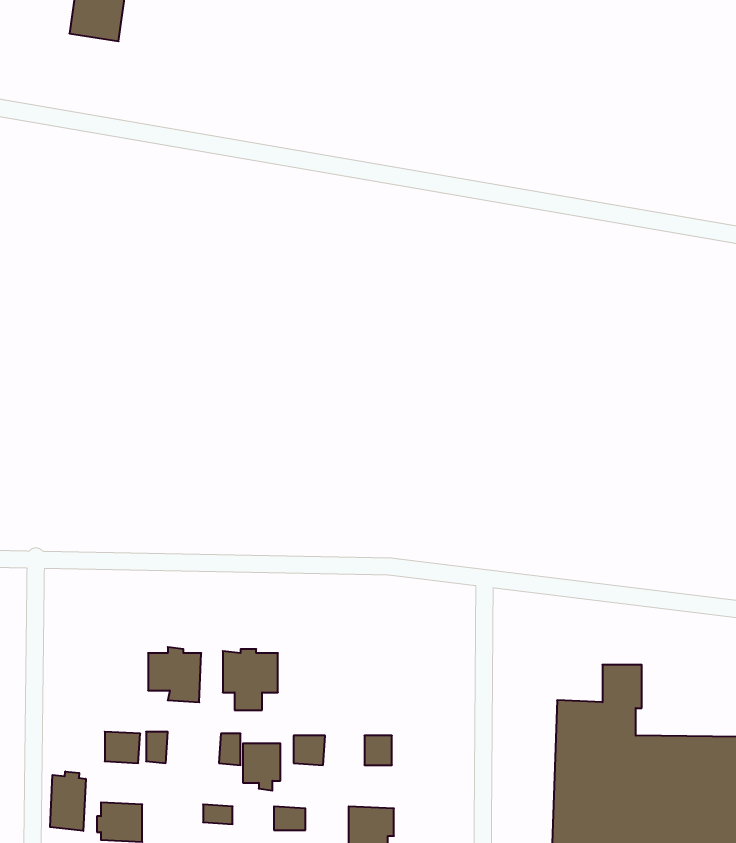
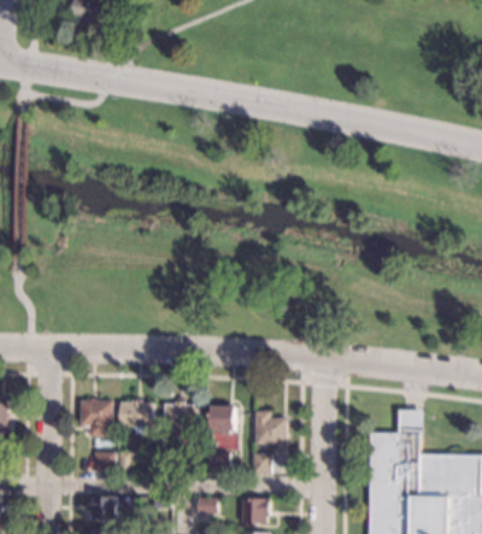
building: none -> [80,398,112,438]
building: none -> [254,412,286,452]
building: [243,743,280,791] -> [211,406,234,435]
building: [50,771,86,831] -> none

